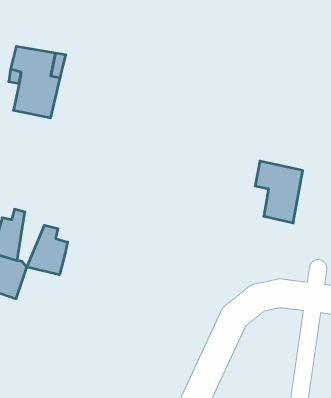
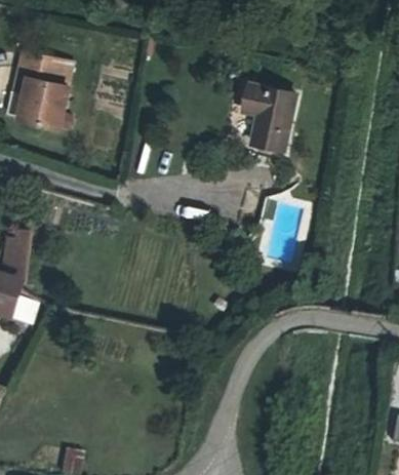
building: [255,161,303,223] -> [241,85,292,152]
building: [27,225,68,275] -> none

